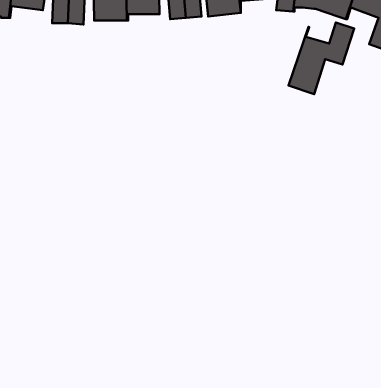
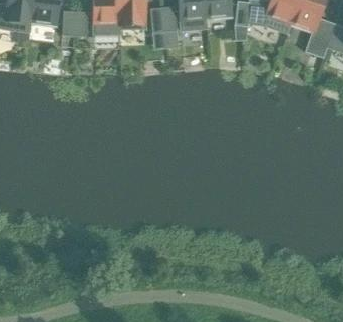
building: [288,22,354,94] -> none

